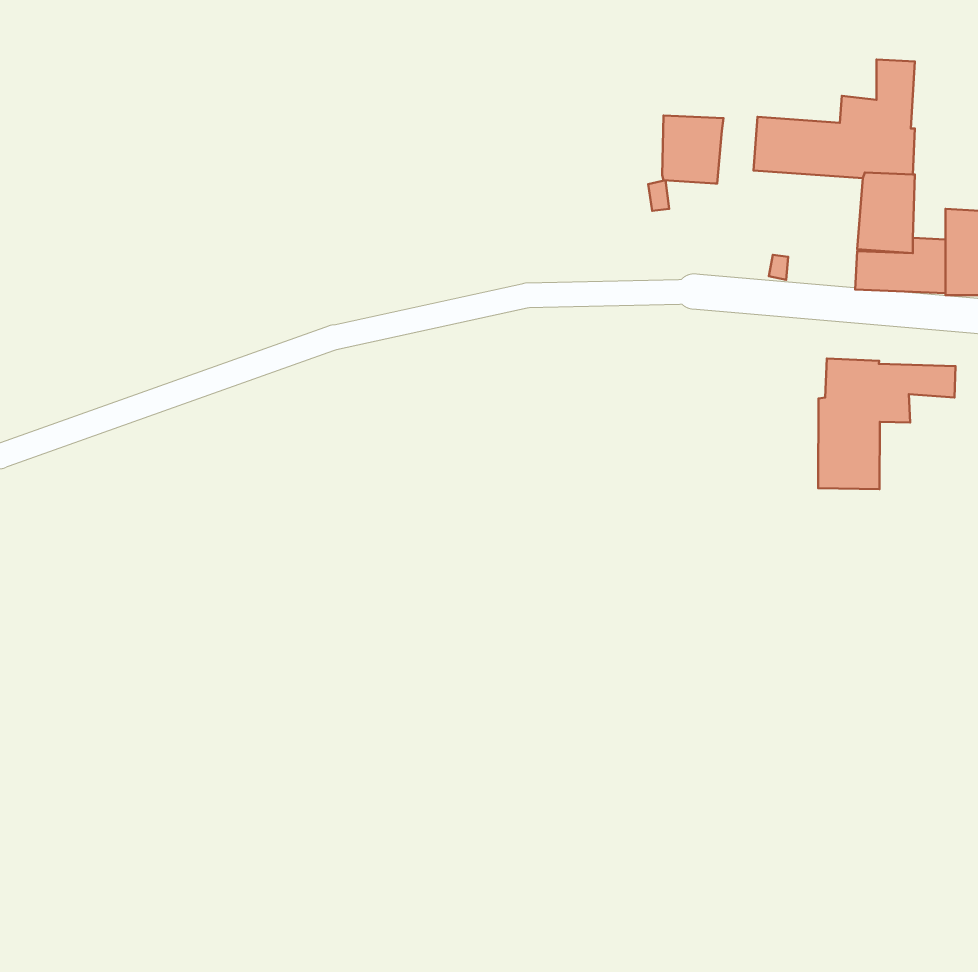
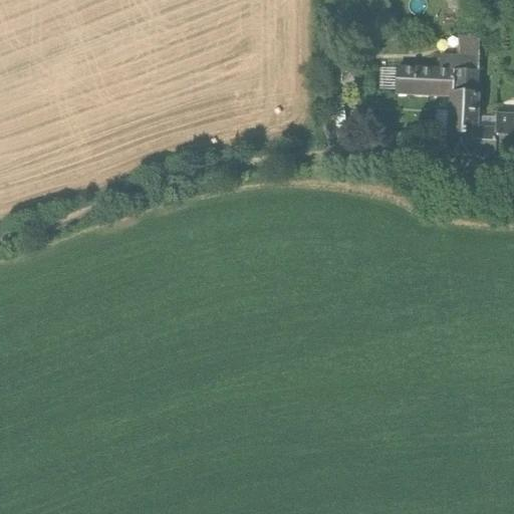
building: [662,116,724,184] -> none
building: [818,358,955,489] -> none

